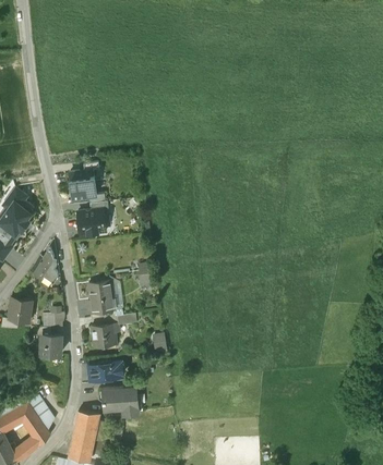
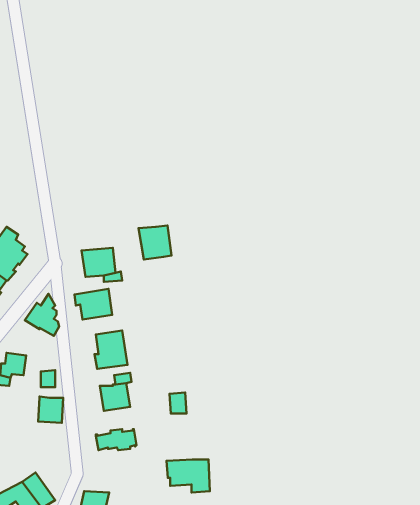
building: [68,173,95,201] -> [139,225,172,260]
building: none -> [75,289,112,319]
building: [101,389,137,416] -> [166,459,210,492]

